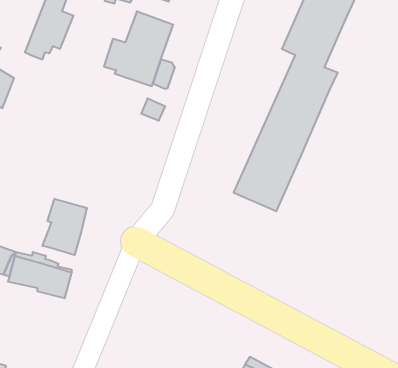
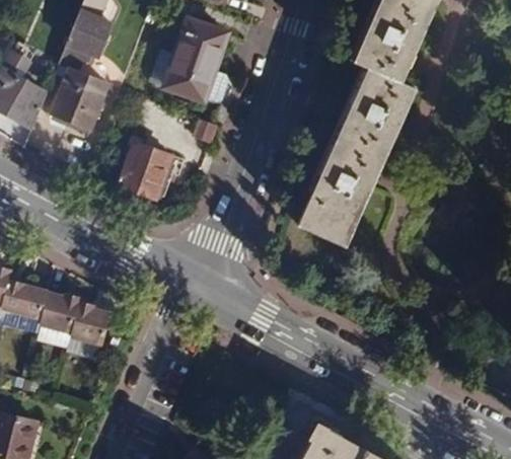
building: none -> [52,69,110,131]
building: none -> [118,142,172,201]
building: [42,199,87,255] -> none

